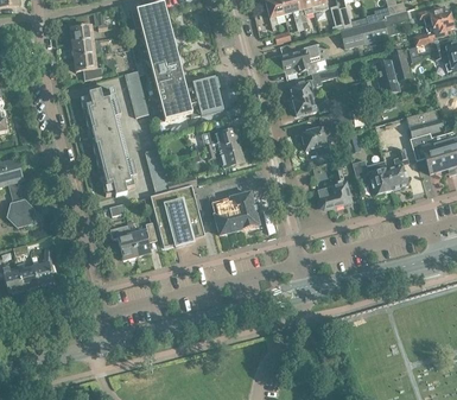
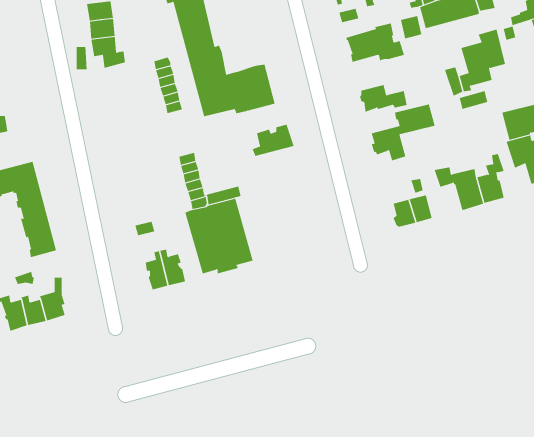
building: [290,66,337,97] -> none
building: [80,88,134,195] -> none
building: [204,142,243,166] -> none
building: [211,191,259,234] -> none

